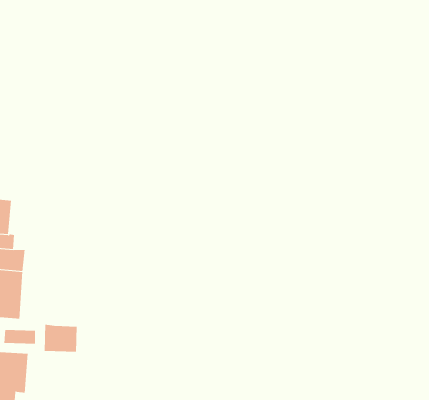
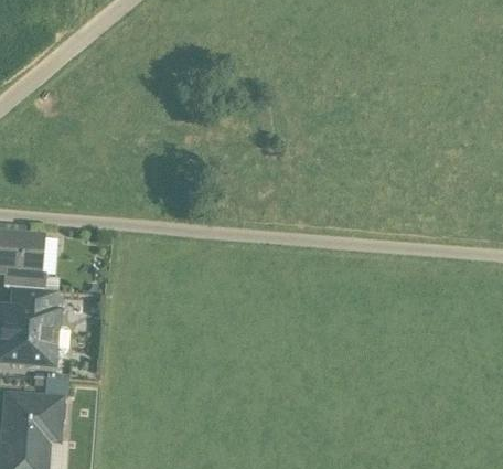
building: [44,324,77,352] -> none

